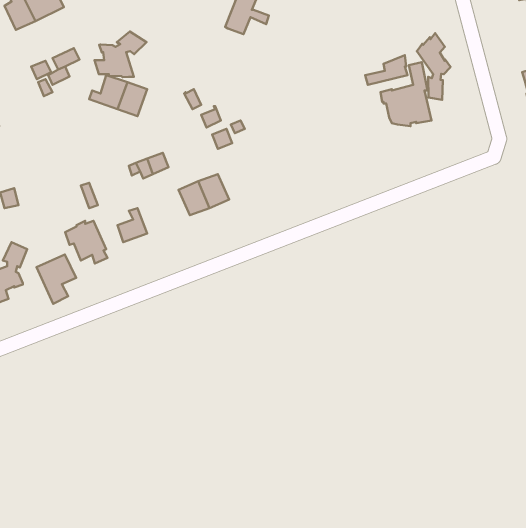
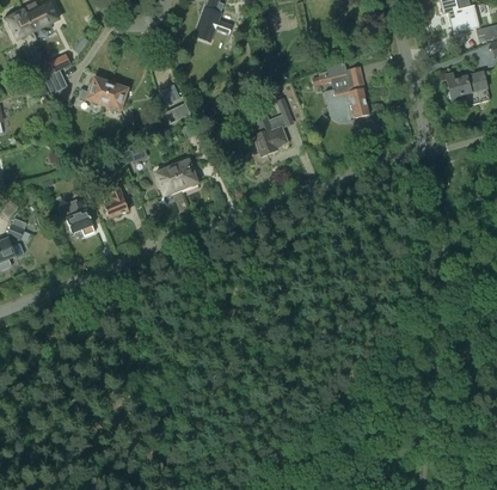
building: [94,31,146,77] -> none
building: [417,33,450,100] -> none
building: none -> [252,98,293,158]
building: [37,254,76,304] -> none

